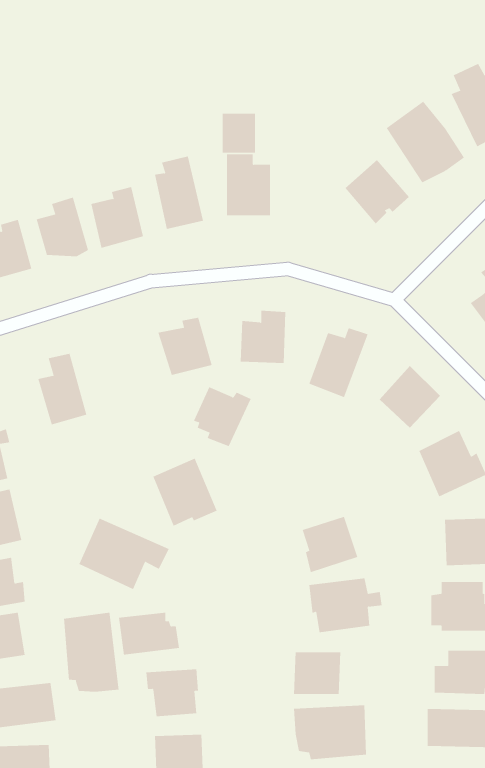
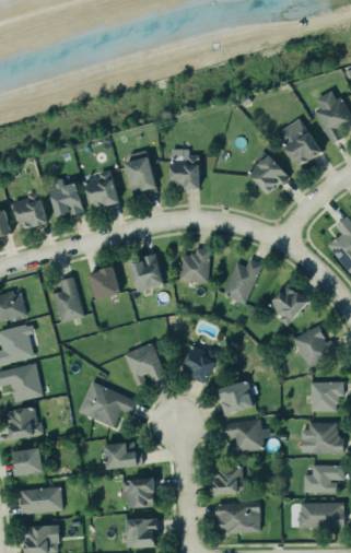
building: [222,113,255,154] -> none
building: none -> [90,267,121,301]
building: [193,387,252,447] -> [182,345,219,384]
building: [63,612,119,693] -> none

